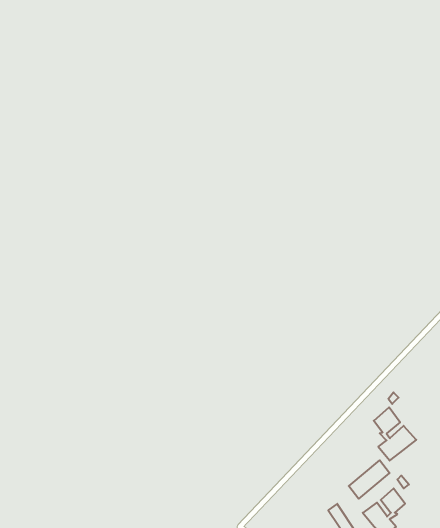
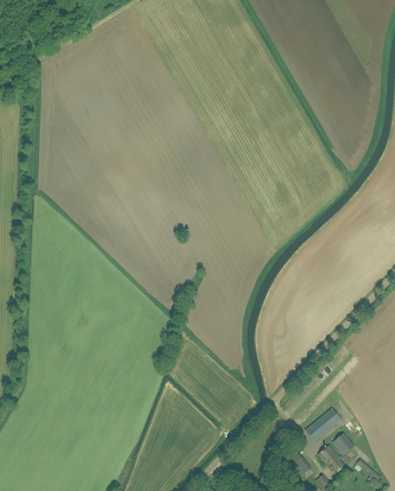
building: [374,407,416,461] -> none

